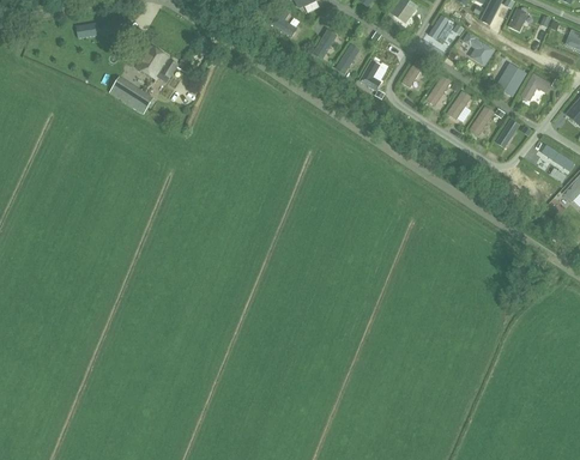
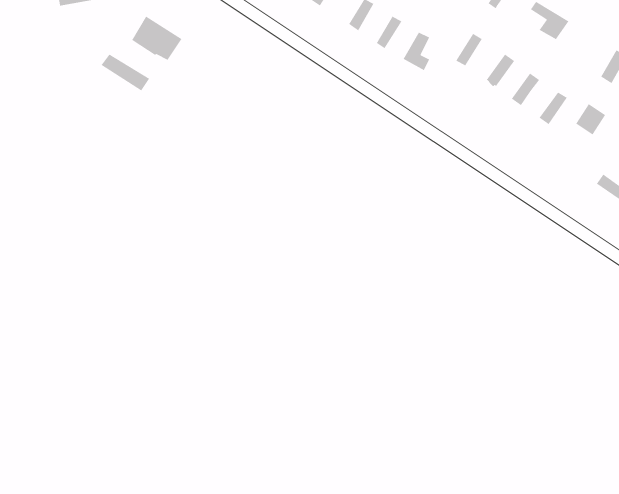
building: [495,63,526,97] -> none

